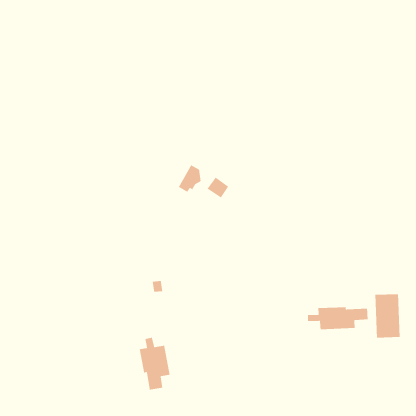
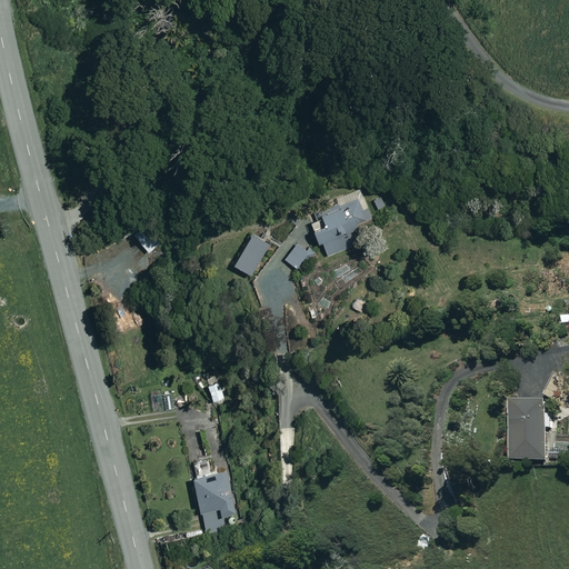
building: none -> [303,190,369,257]
building: [307,307,369,330] -> none

